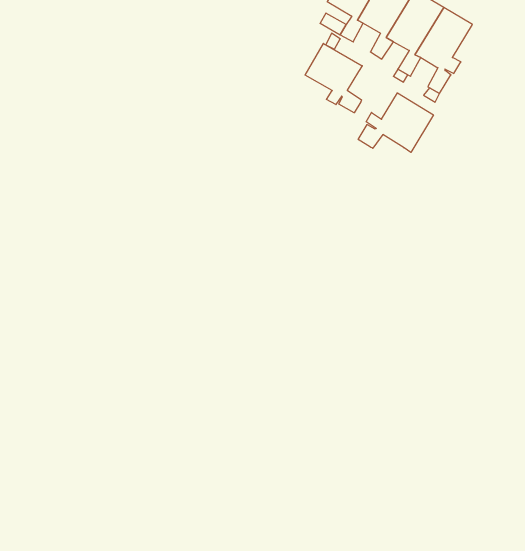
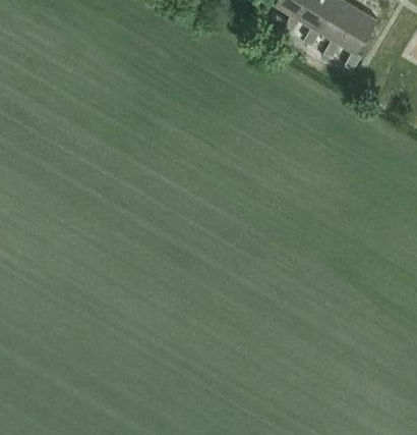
building: [305,43,362,113] -> none
building: [358,93,433,152] -> none

